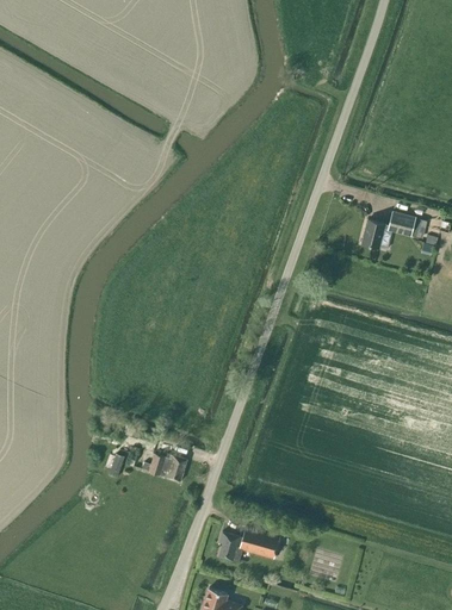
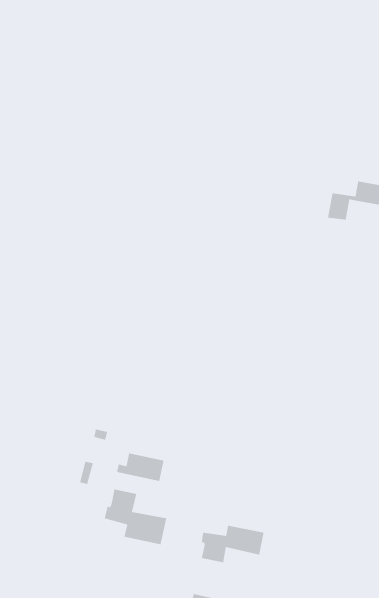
building: none -> [104,489,167,545]

